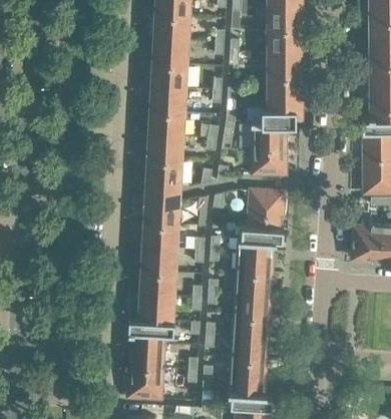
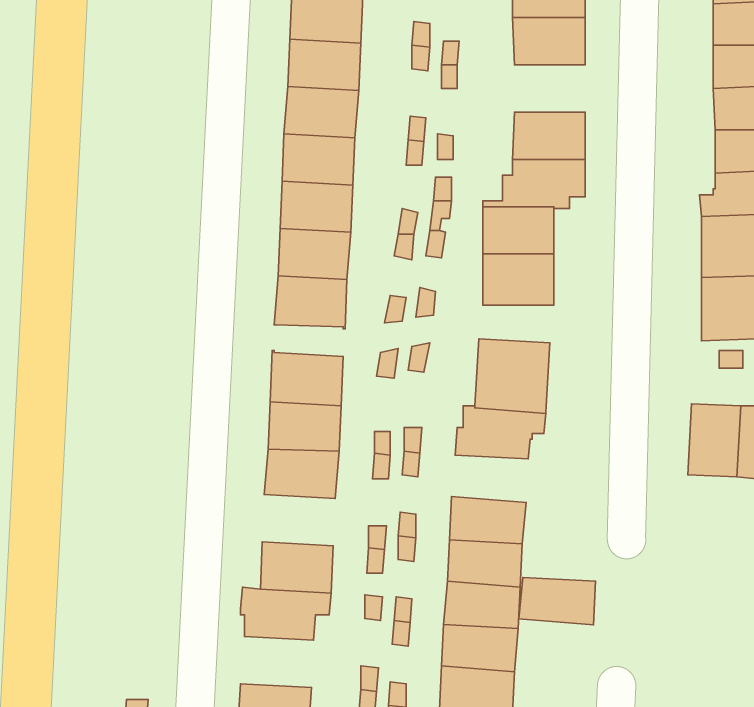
building: [267,52,303,76] -> none
building: [235,251,274,275] -> [519,577,596,625]
building: [138,271,175,297] -> none
building: [127,343,164,369] -> none

